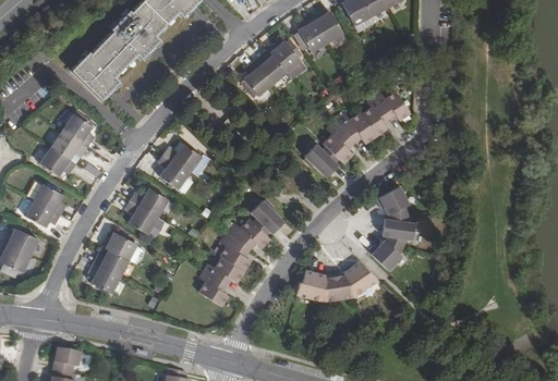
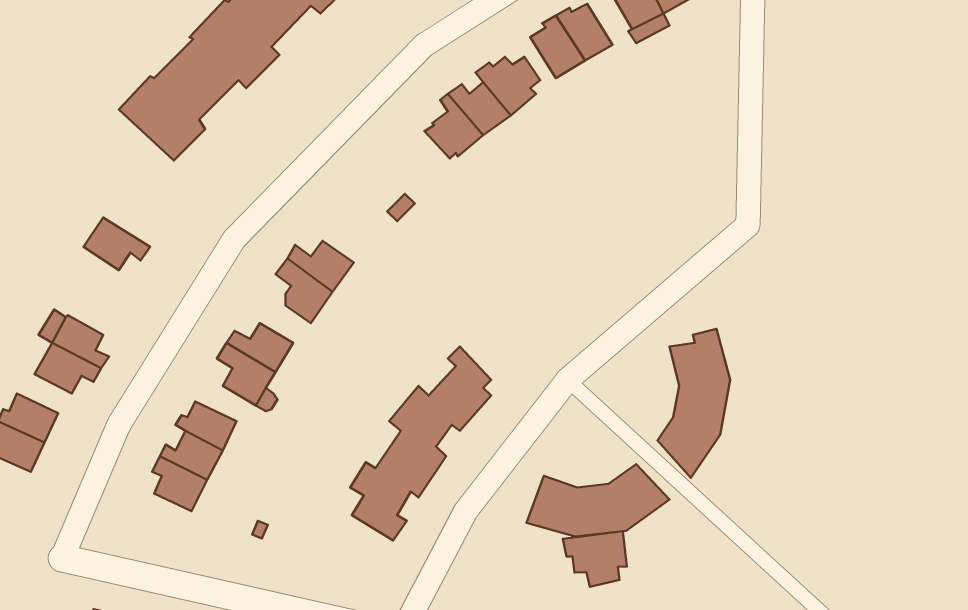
building: [307,91,413,174] -> none
building: [62,112,93,145] -> none
building: [39,145,76,174] -> none
building: none -> [563,531,627,587]

